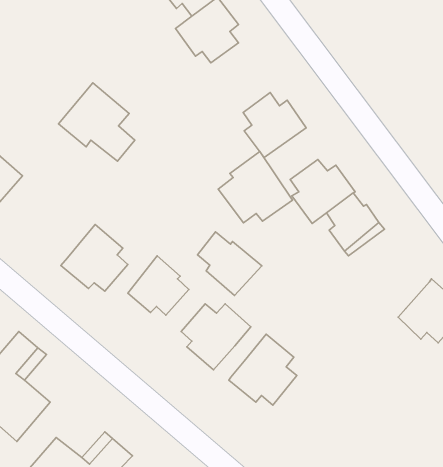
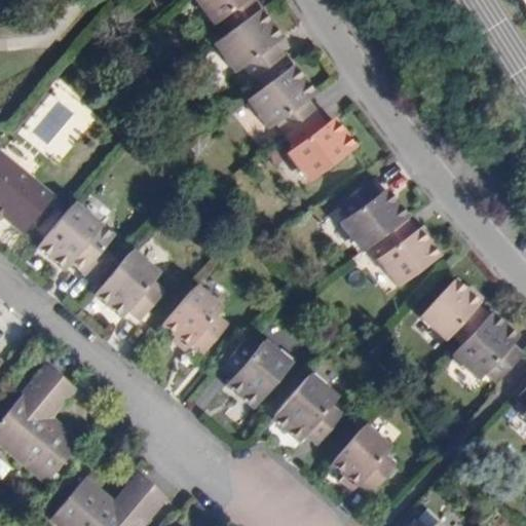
building: none -> [249,63,315,132]
building: [58,83,135,161] -> [34,203,116,288]
building: [218,151,292,223] -> none
building: [197,232,262,295] -> none
building: none -> [419,277,487,342]
building: none -> [330,425,394,490]

